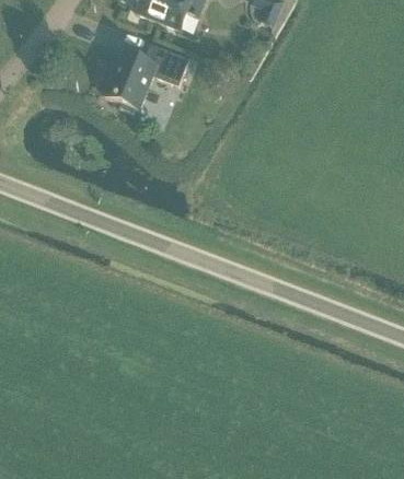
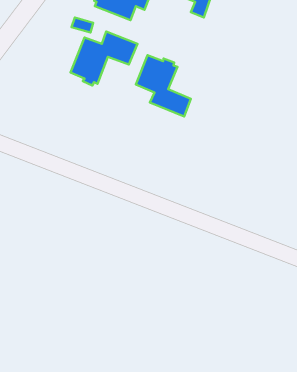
building: none -> [136,55,191,116]

